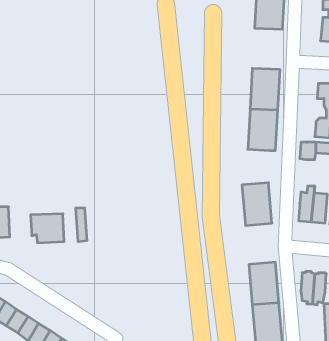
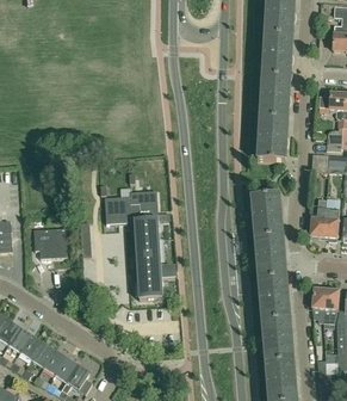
building: none -> [262,36,293,79]
building: none -> [105,190,175,298]
building: none -> [255,237,286,280]

